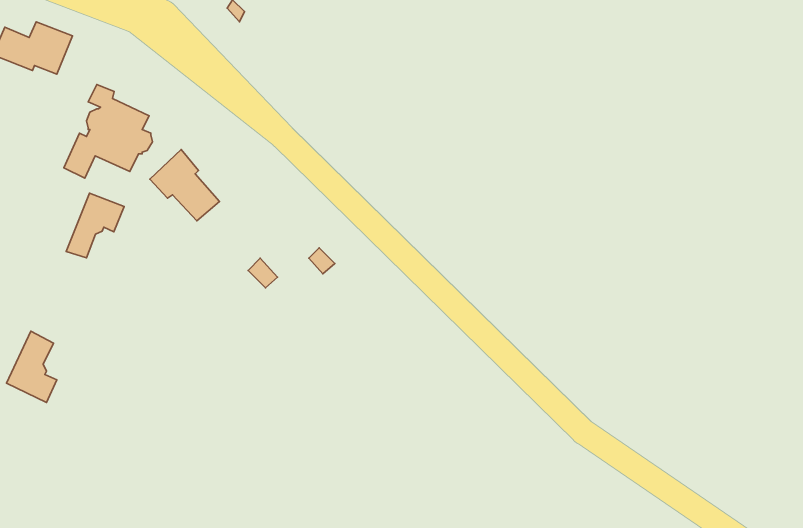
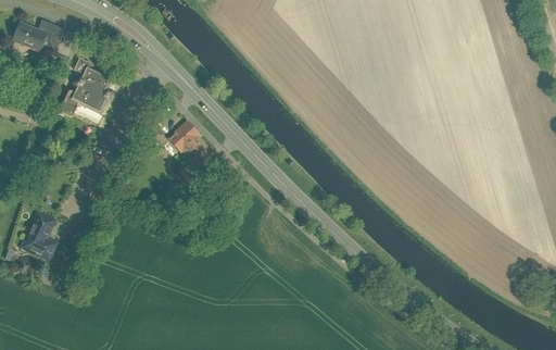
building: [150,150,219,221] -> [168,121,212,165]
building: [66,193,124,258] -> none

